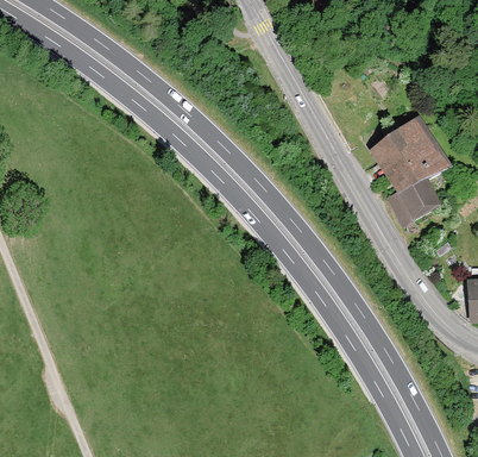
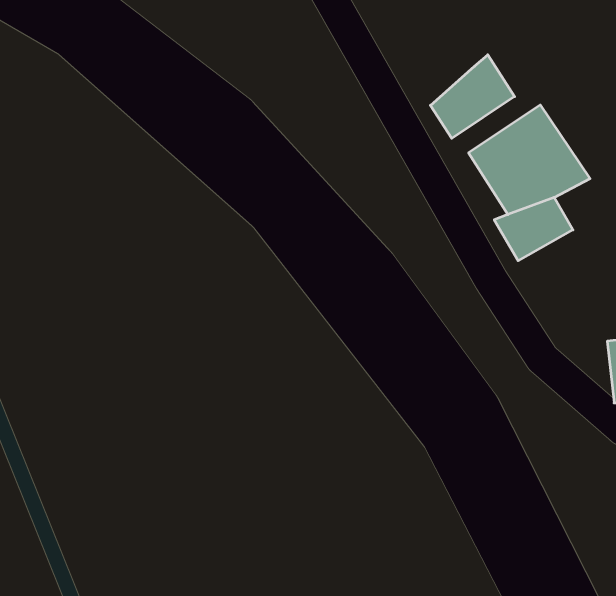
building: none -> [430,55,515,138]

